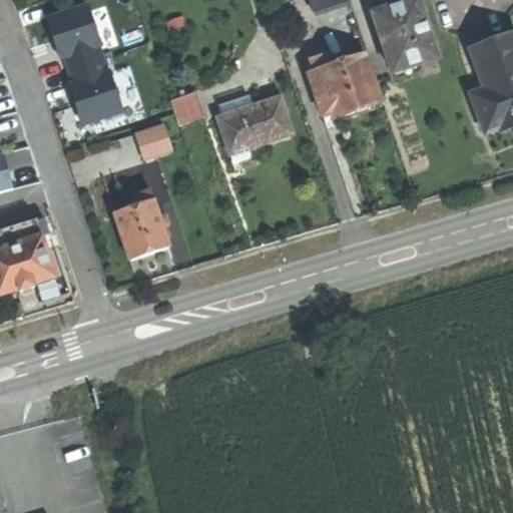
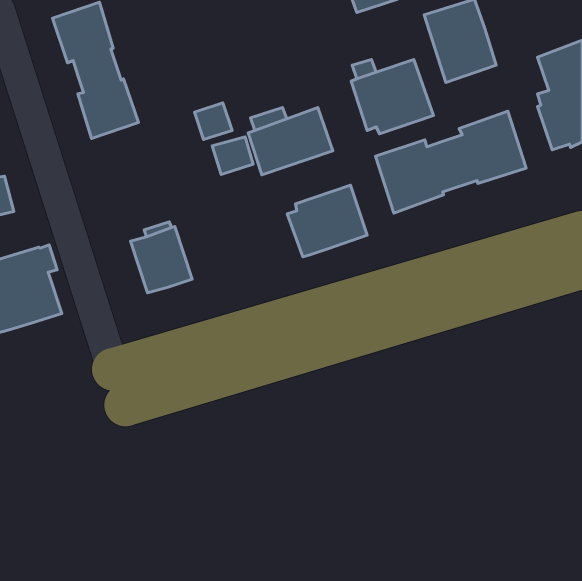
building: none -> [376,111,526,213]
building: [134,123,170,156] -> [212,137,253,174]
building: none -> [287,185,367,257]

